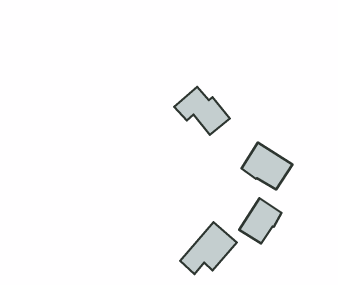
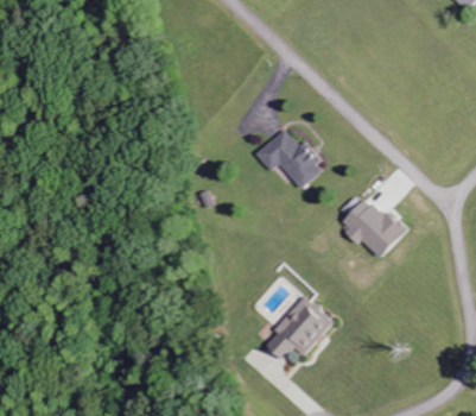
building: [239,198,282,244] -> none

